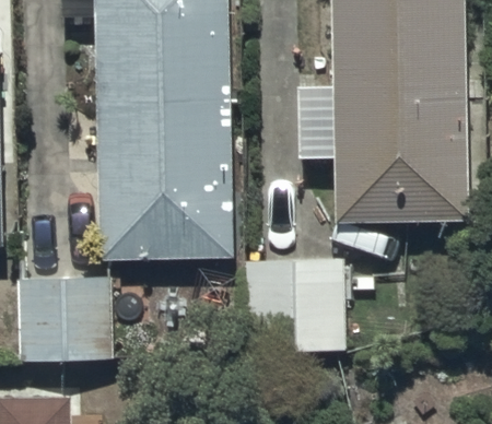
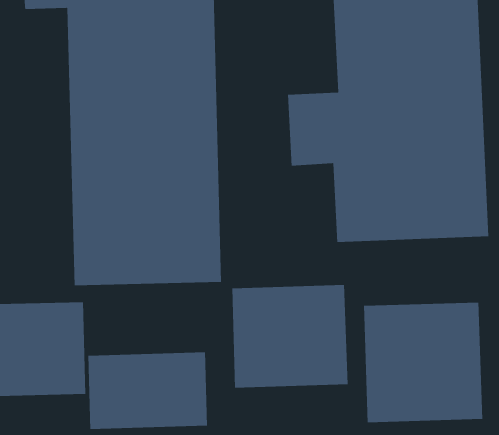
building: none -> [363,302,483,423]
building: none -> [88,351,208,430]

